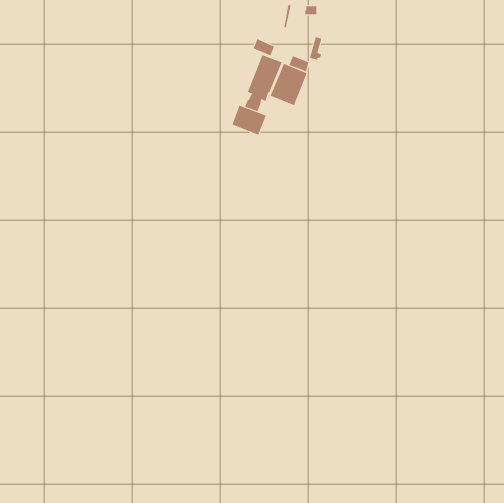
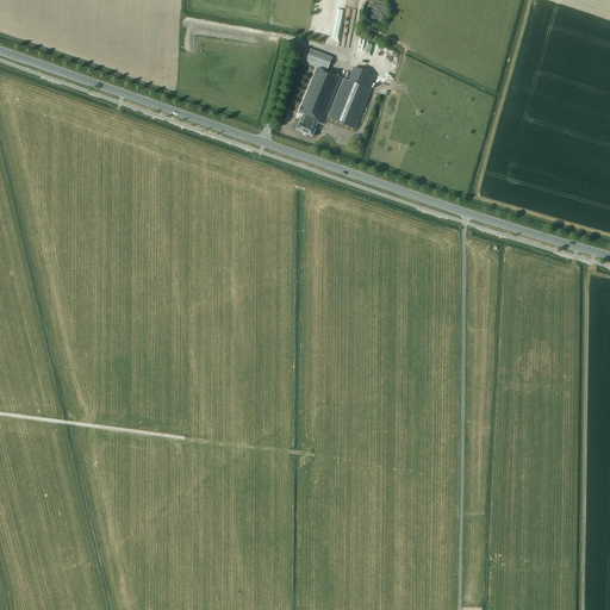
building: [232,105,267,136] -> none

